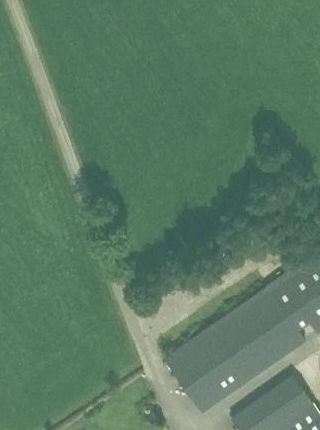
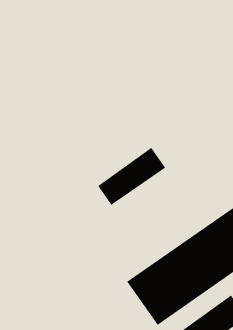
building: none -> [97,147,166,206]

